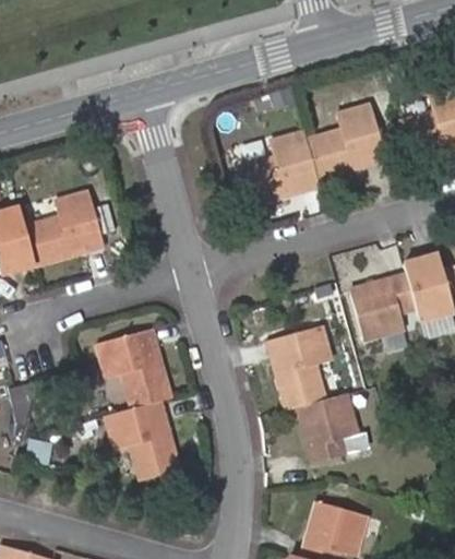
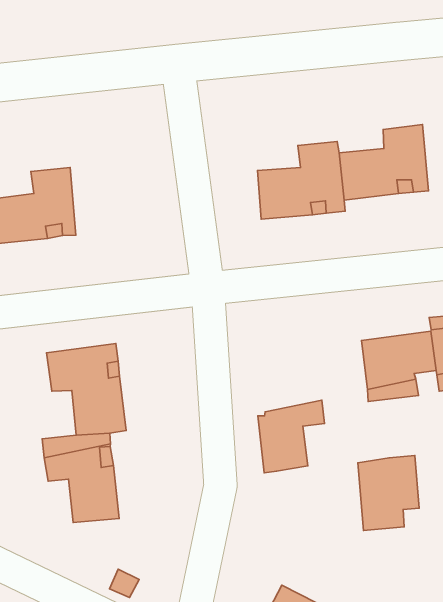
building: [268,329,325,362] -> none
building: [298,395,355,464] -> [358,455,419,531]

